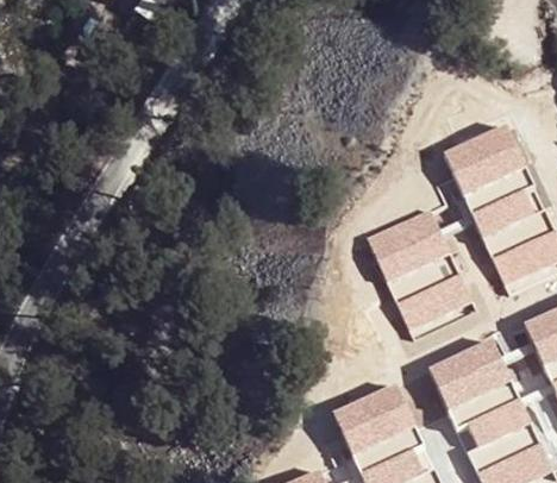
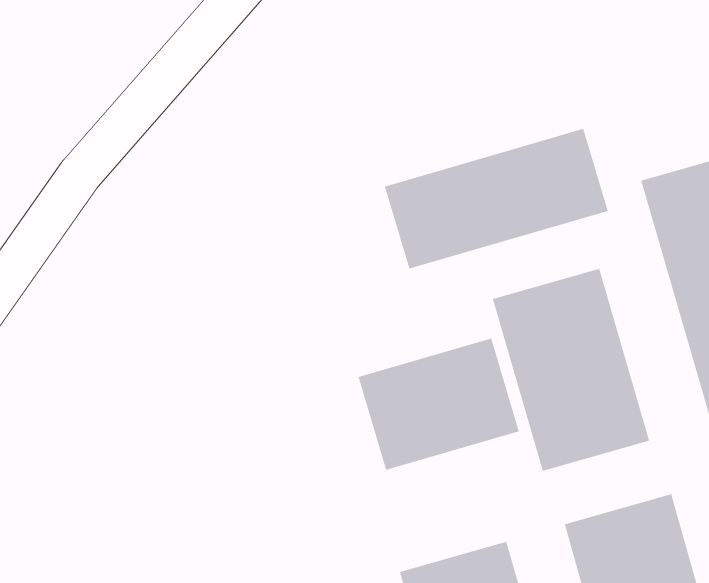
building: none -> [384,128,609,270]
building: none -> [358,338,520,471]

